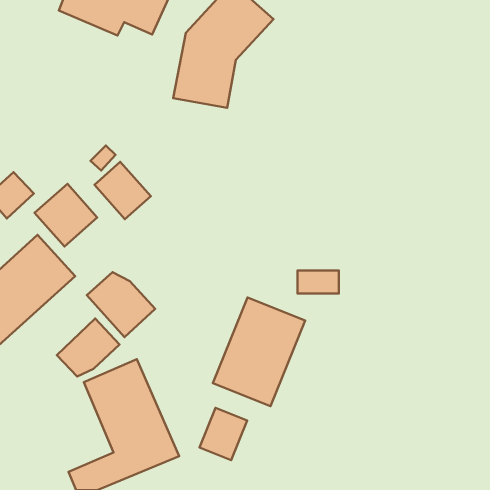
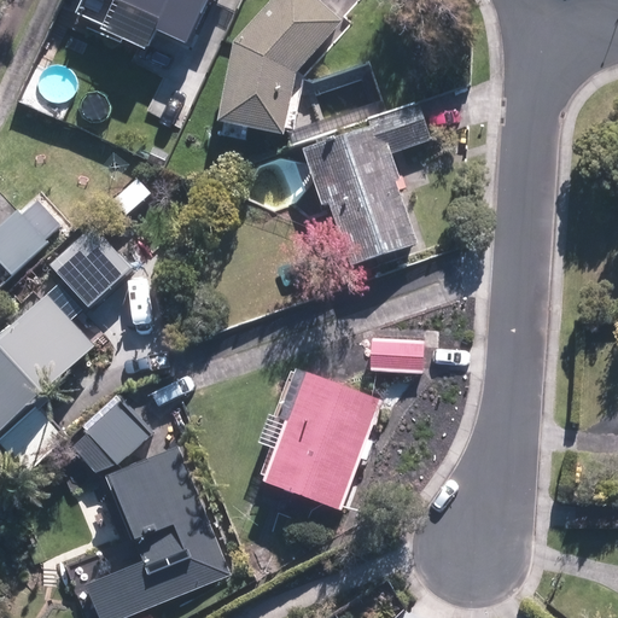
building: none -> [303,101,437,266]
building: [94,162,151,219] -> none
building: [87,272,155,337] -> none
building: [199,408,247,460] -> none

